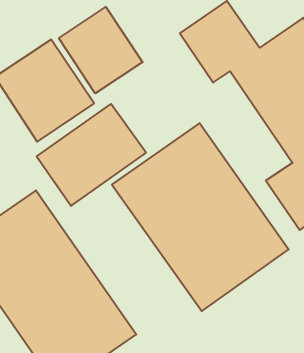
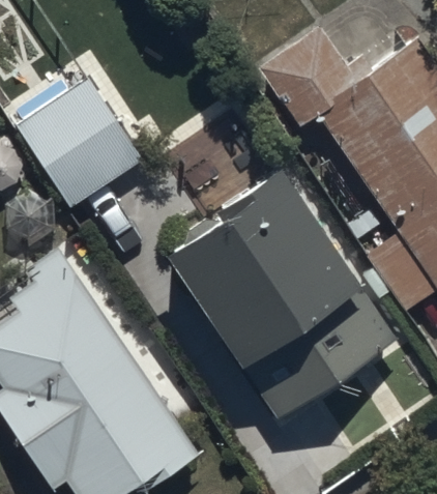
building: [59,7,143,93] -> none
building: [37,104,146,206] -> none

